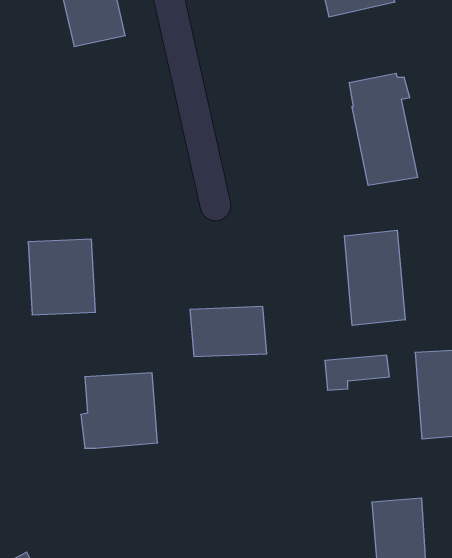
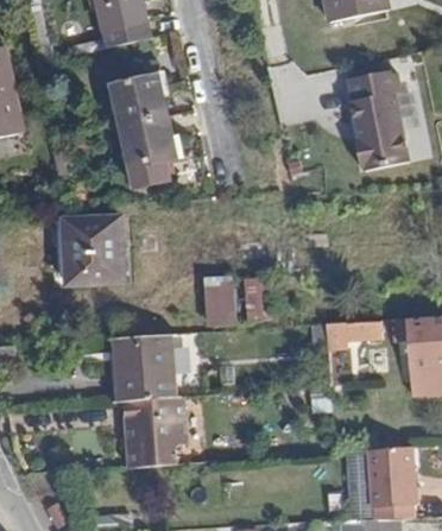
building: none -> [110,72,176,188]
building: [344,230,405,325] -> none
building: none -> [124,397,188,467]

